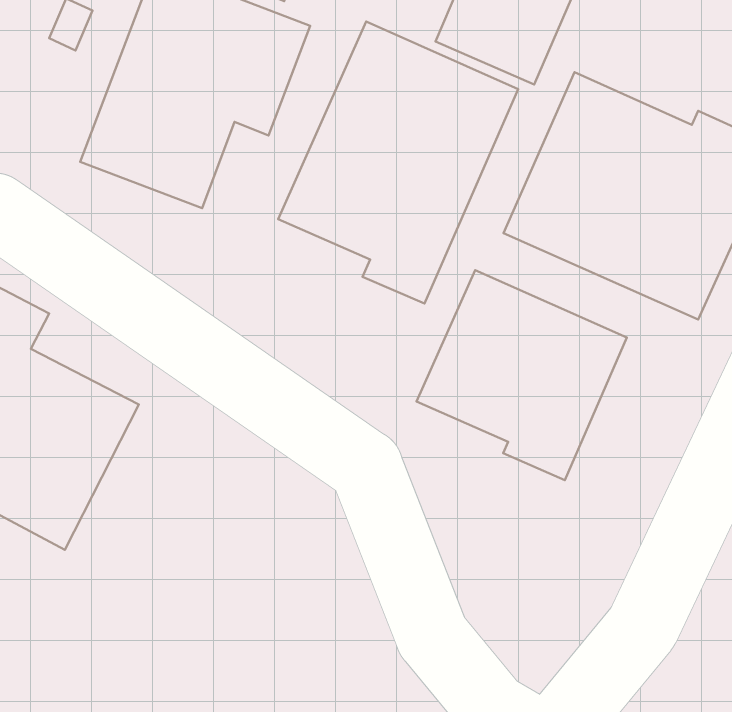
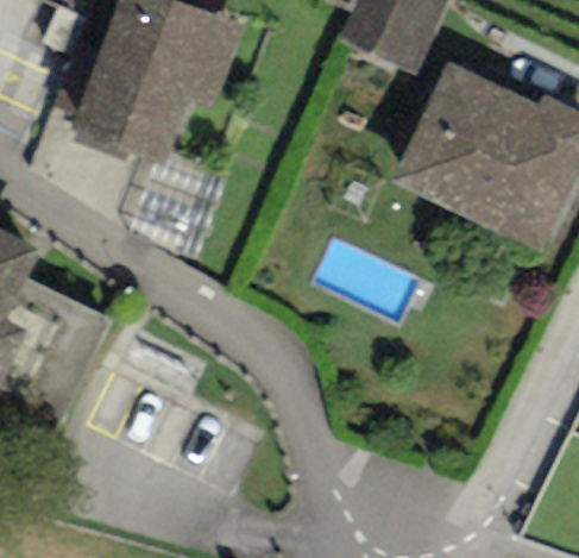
building: [278,22,518,304] -> none
building: [416,270,627,480] -> none

